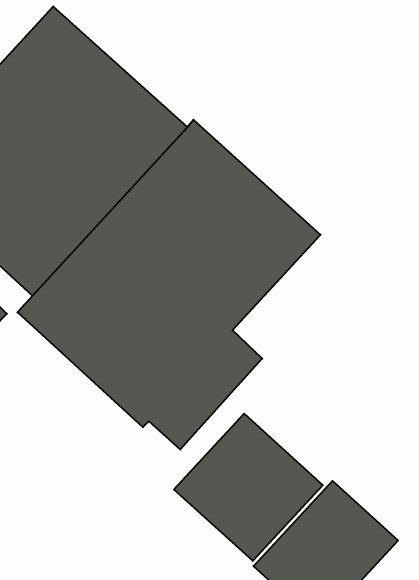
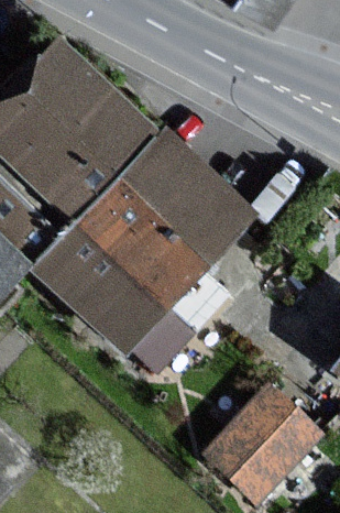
building: [174,414,323,561] -> none

